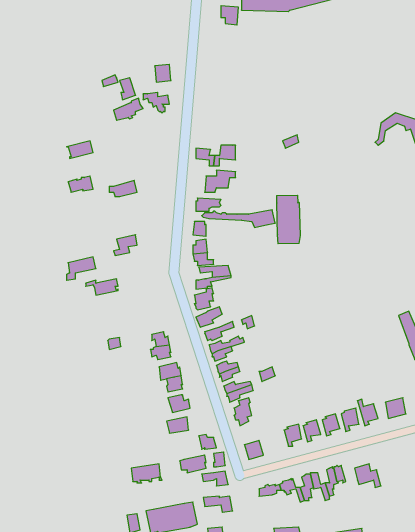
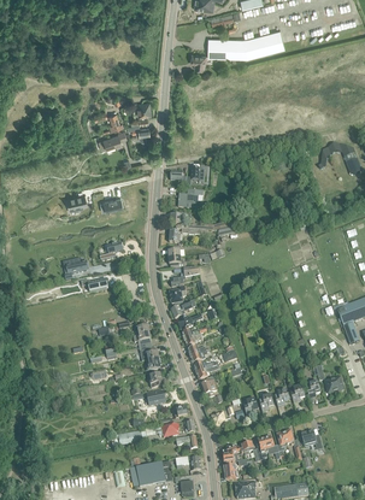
building: [277,195,300,244] -> none

